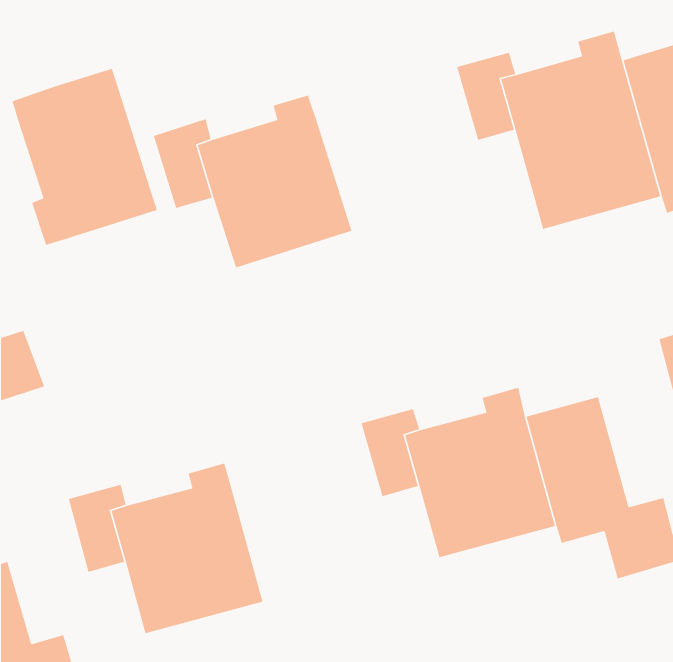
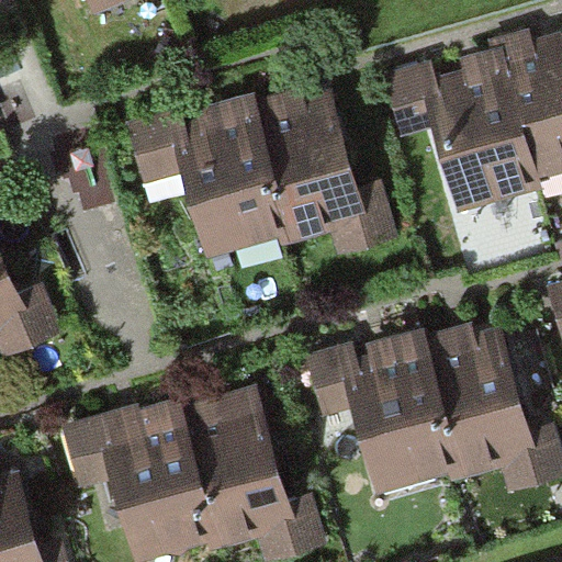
building: [12,68,158,246] -> none
building: none -> [268,97,401,248]
building: none -> [198,403,326,555]

